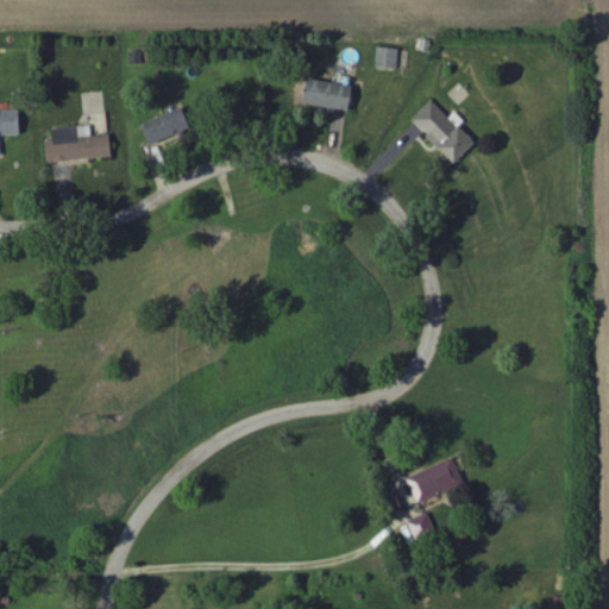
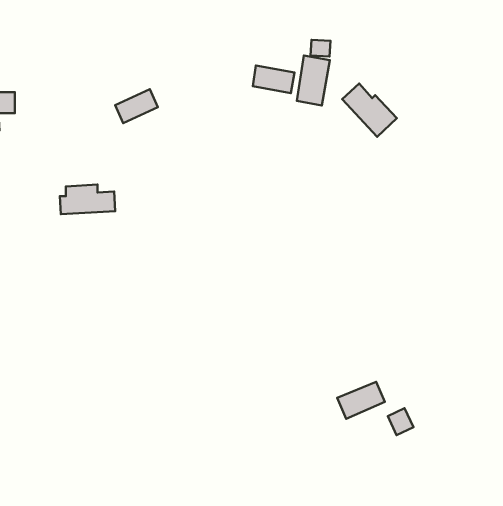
building: none -> [297,56,330,106]
building: [43,126,109,162] -> [60,184,115,214]
building: [404,511,435,544] -> [388,408,413,435]

